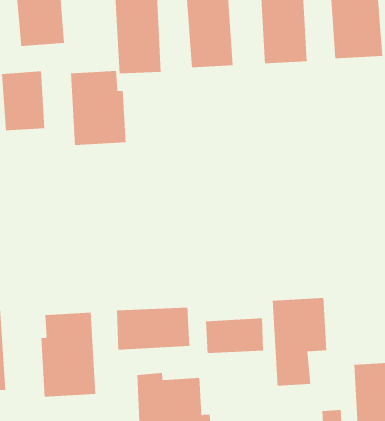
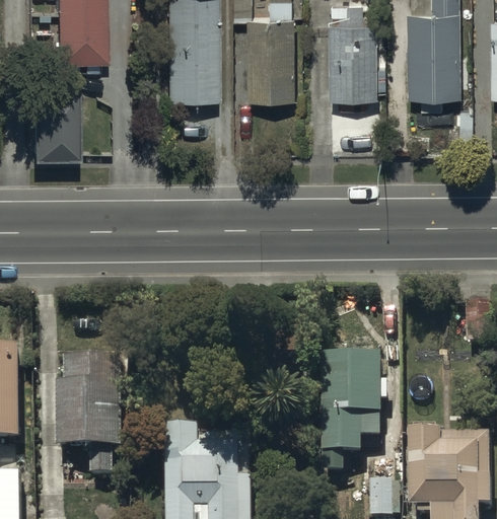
building: [70,70,126,146] -> none
building: [117,307,190,351] -> none
building: [205,318,263,354] -> none

